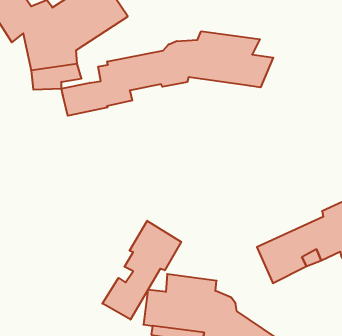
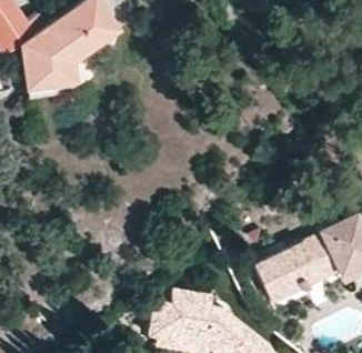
building: [61,31,273,116] -> none
building: [102,221,181,320] -> none

